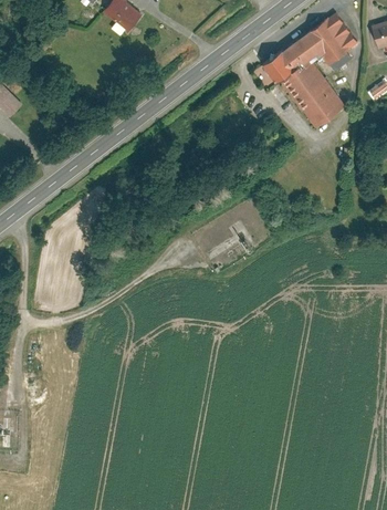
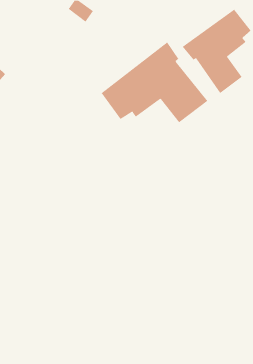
building: none -> [101,41,208,123]

